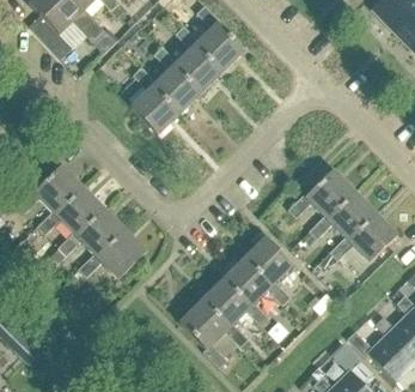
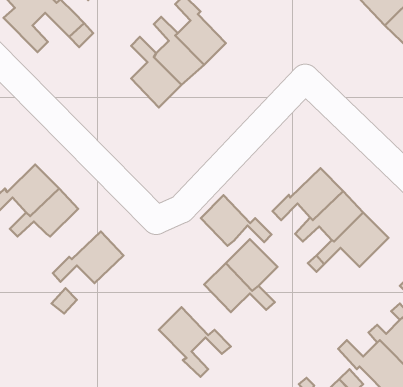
building: [128,66,178,134] -> none
building: [50,207,123,263] -> none
building: [200,279,267,327] -> [201,195,272,246]

